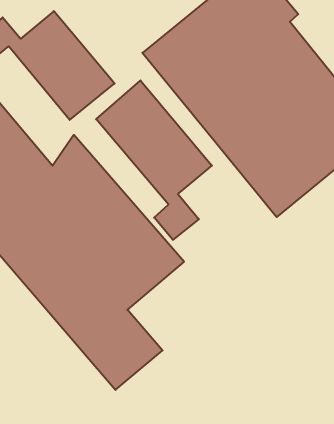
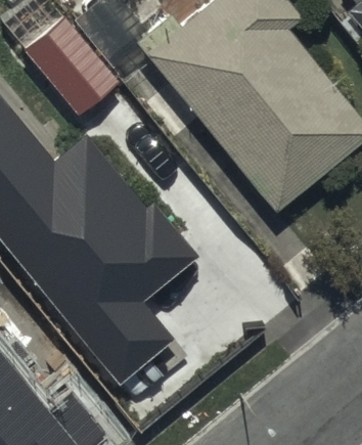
building: [96,80,212,240] -> none

